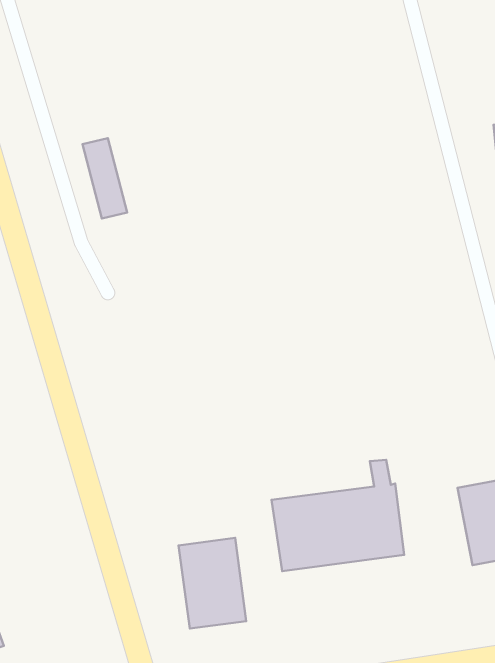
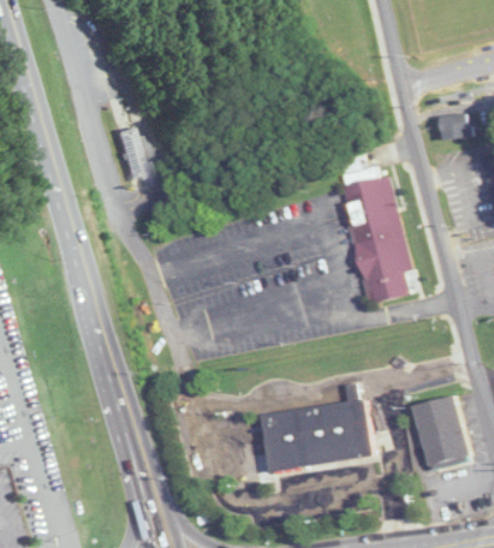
building: none -> [338,174,409,308]
building: [179,538,246,629] -> none

